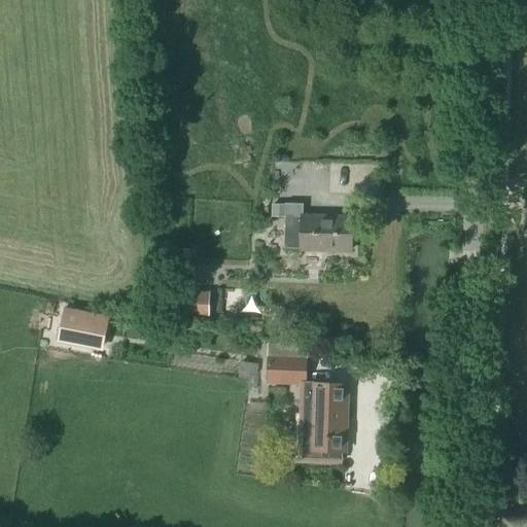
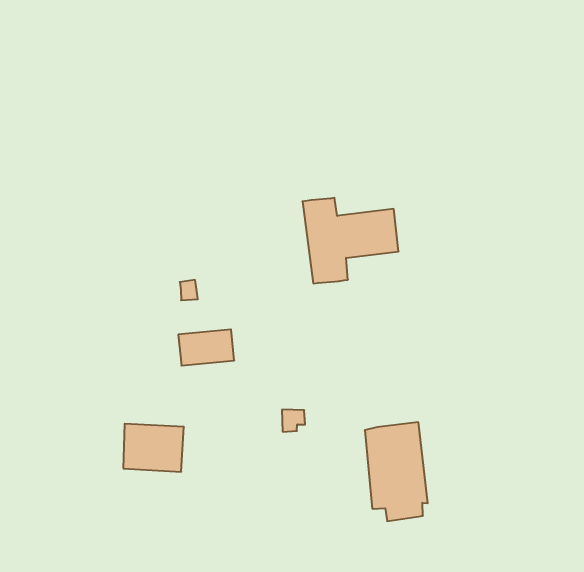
building: [58,306,110,350] -> [123,424,184,472]
building: [269,357,307,383] -> none

